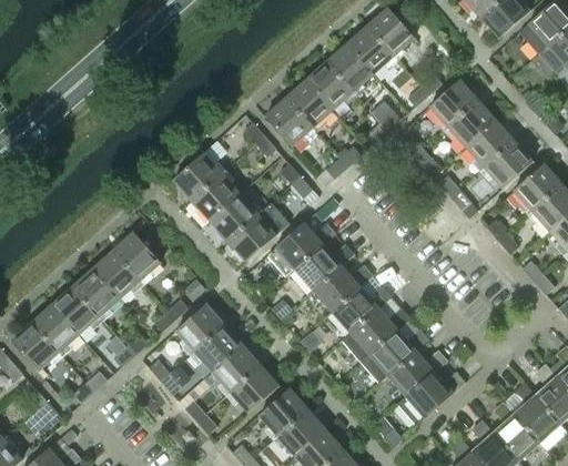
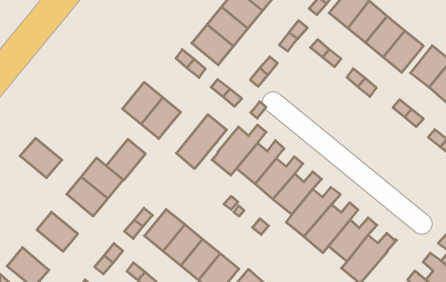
building: [210,194,257,241] -> [106,139,145,180]
building: [72,269,120,316] -> [20,138,62,178]
building: [32,304,79,353] -> none

